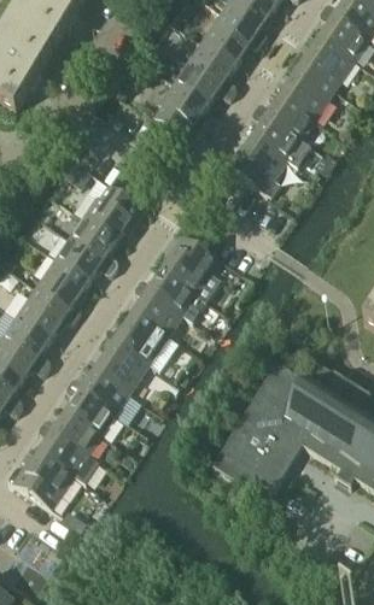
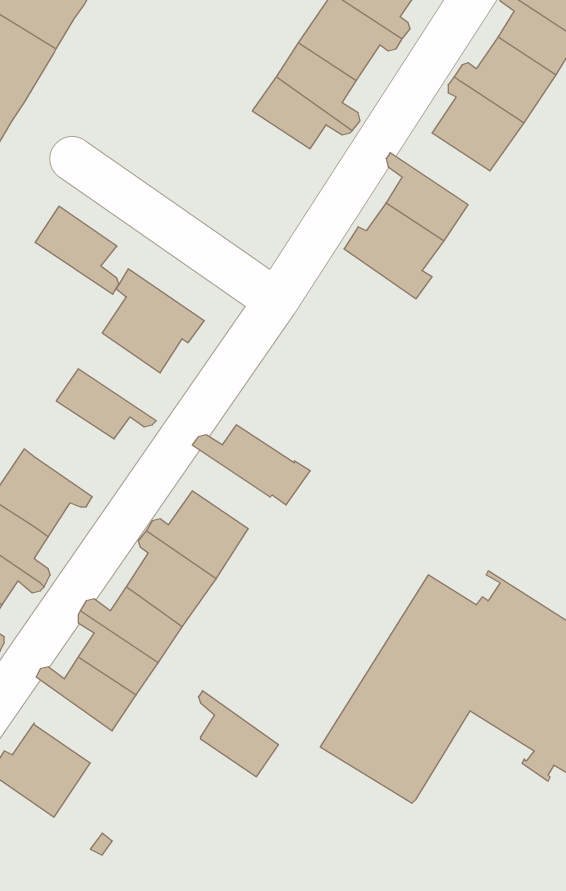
building: [156,80,209,137] -> none
building: [257,93,317,136] -> none
building: [69,213,119,266] -> [35,206,119,294]
building: [164,231,218,292] -> none
building: [36,254,90,312] -> none
building: [136,281,185,331] -> none
building: [41,421,89,472] -> [198,691,278,777]

